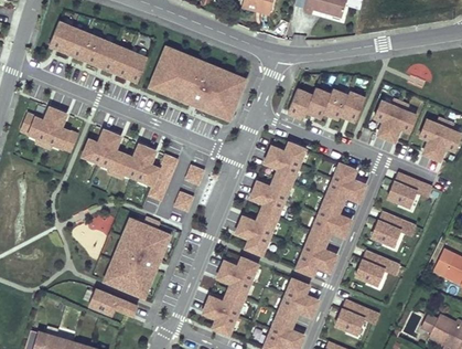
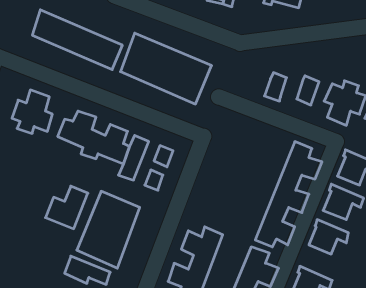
building: [286,86,312,119] -> none
building: [323,87,347,119] -> none
building: [235,139,308,255] -> none

